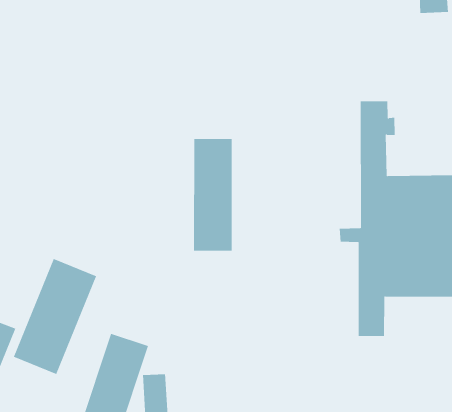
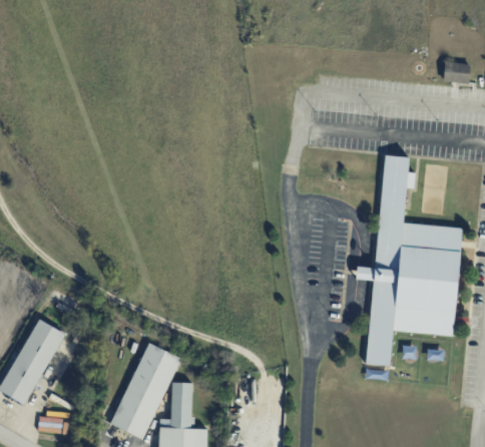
building: [194,138,232,252] -> none
building: [13,258,97,375] -> none

